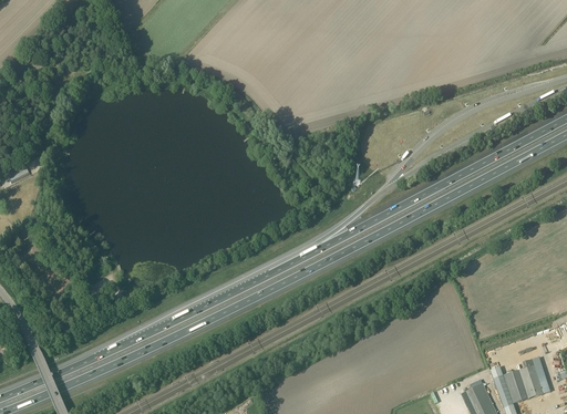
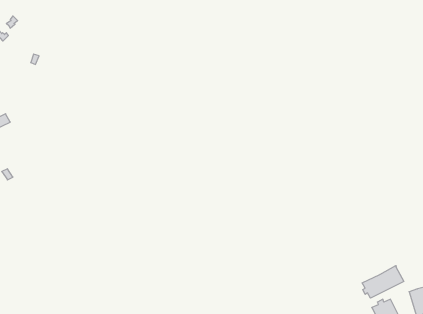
building: none -> [362,266,404,298]

